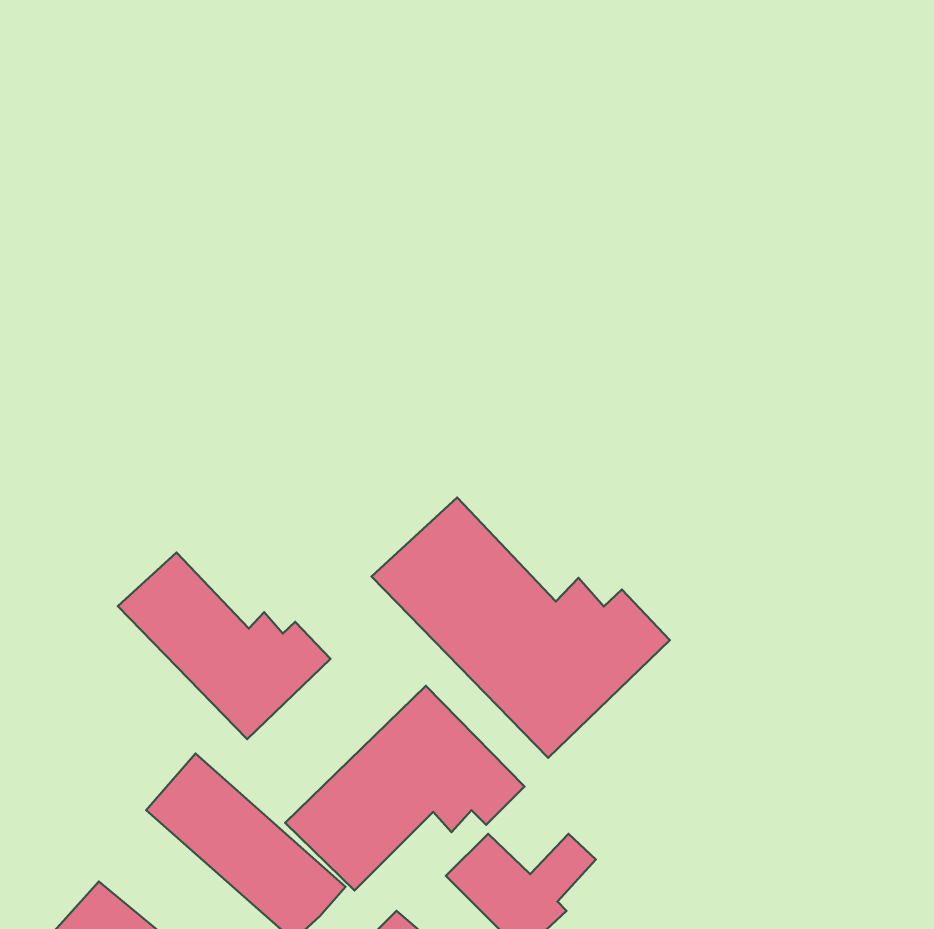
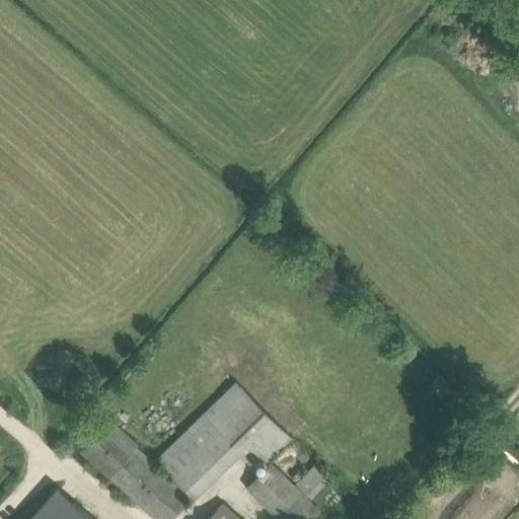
building: [371,498,670,758] -> none
building: [118,552,331,739] -> none

